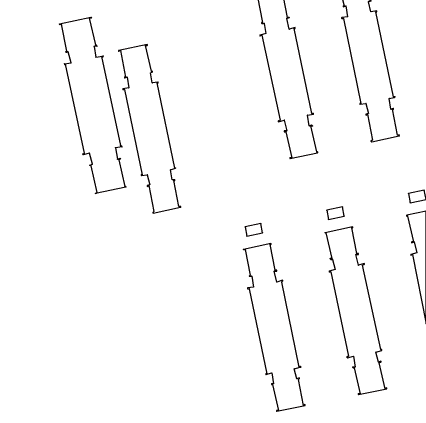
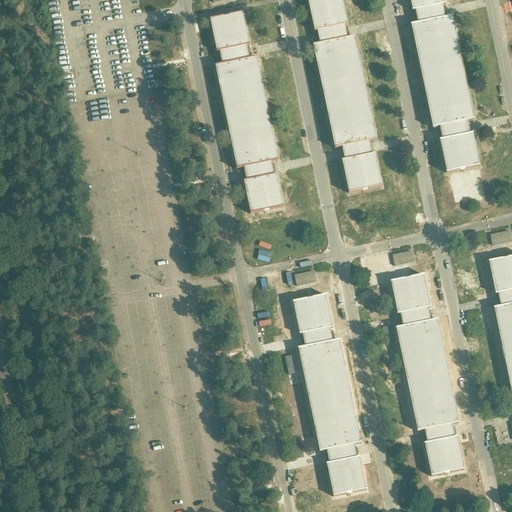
building: [60,17,126,193] -> none
building: [119,45,181,213] -> [209,9,283,211]

